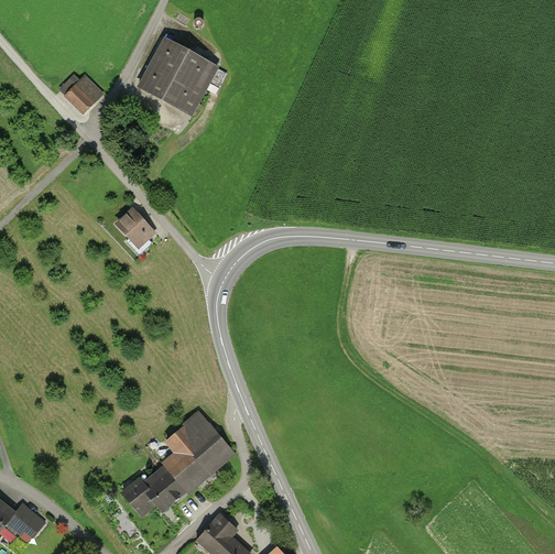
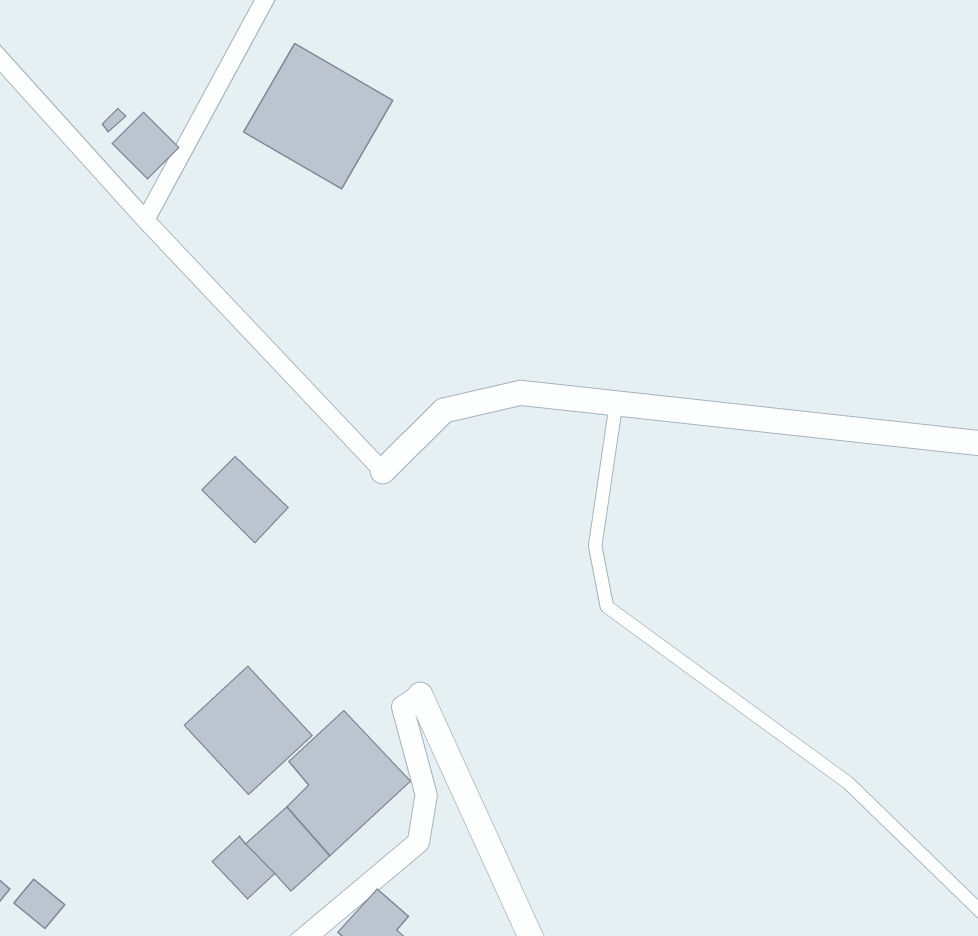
building: [110,203,159,251] -> [202,456,288,543]
building: none -> [184,666,312,794]

